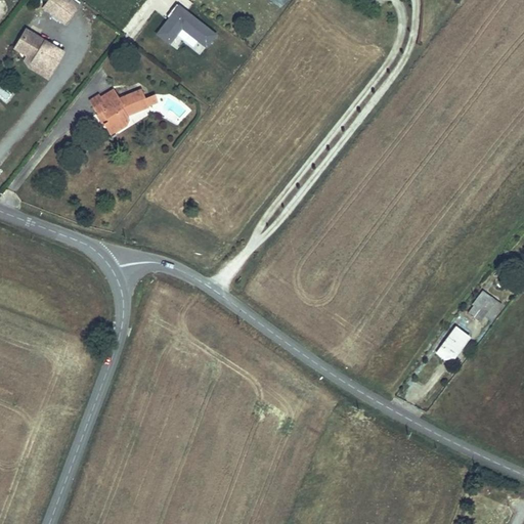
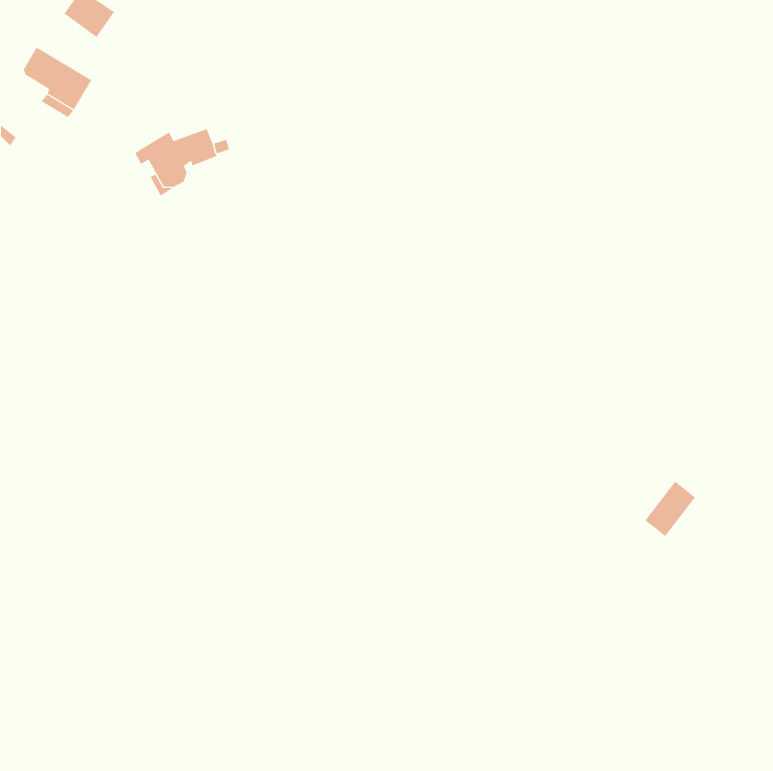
building: [158,5,217,49] -> none
building: [469,290,503,321] -> none

